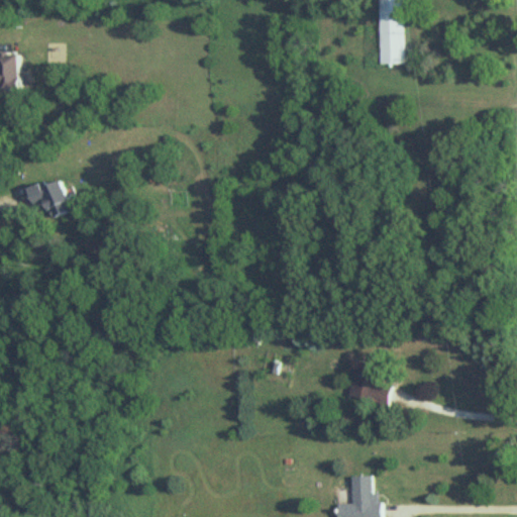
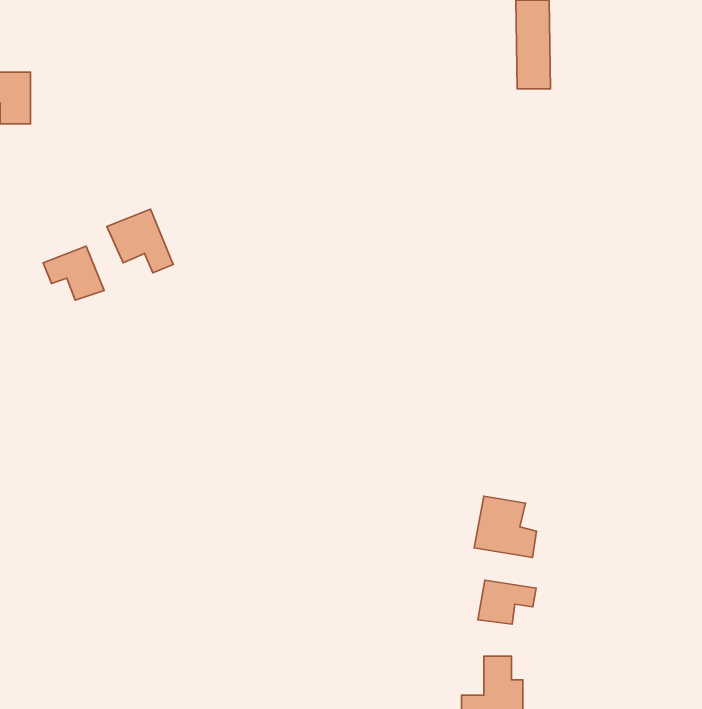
building: none -> [107,209,173,273]
building: none -> [478,580,536,624]

